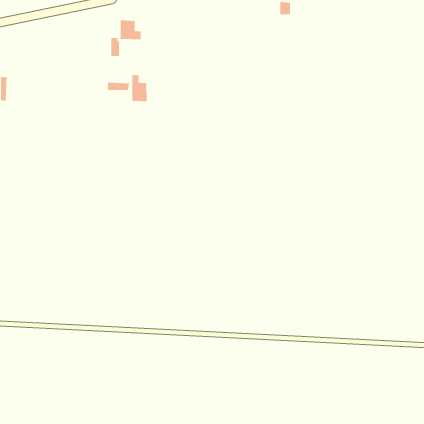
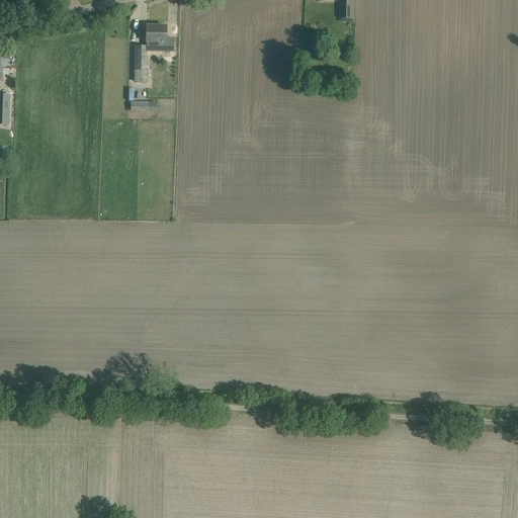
building: [132,75,147,102] -> none

